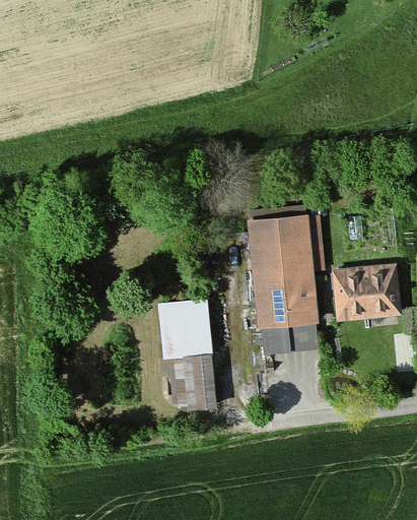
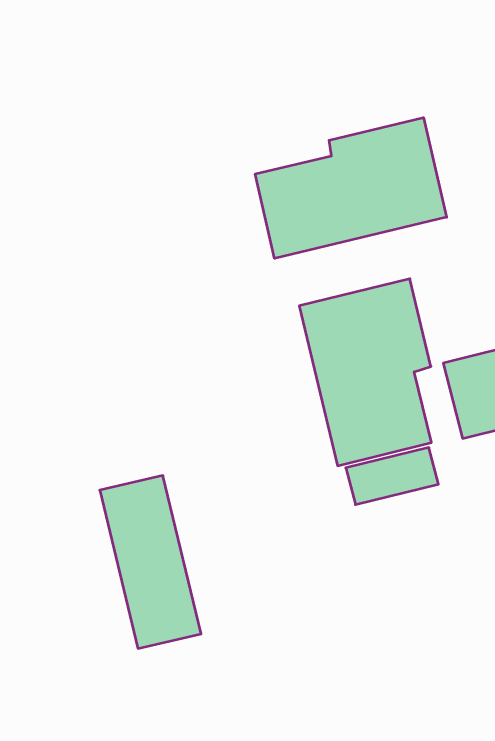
building: none -> [255,118,447,258]
building: [162,302,215,410] -> [100,476,201,648]

